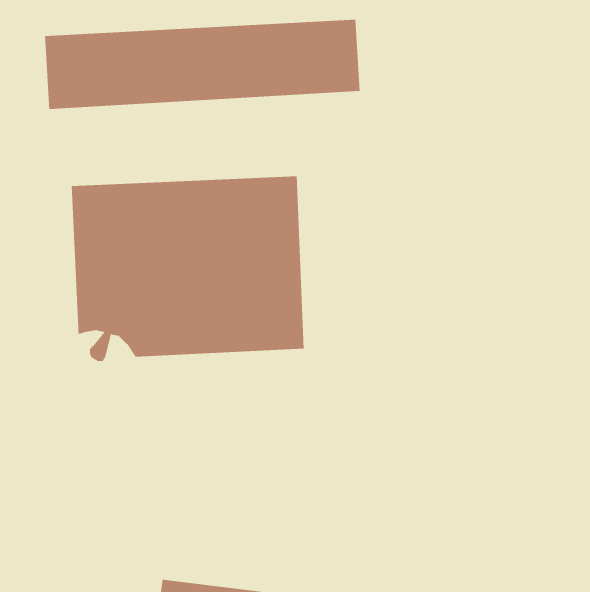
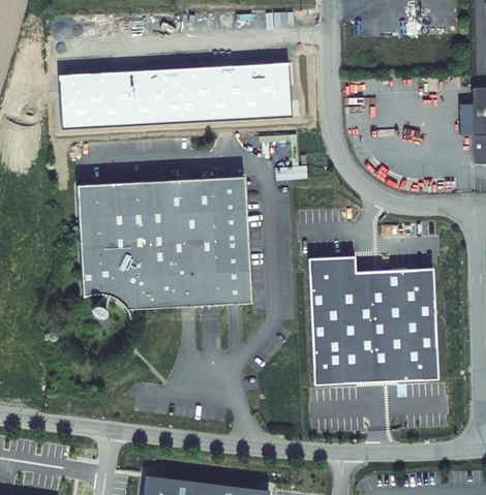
building: none -> [309,256,438,383]

